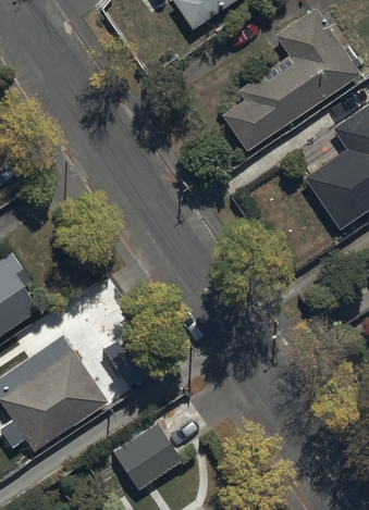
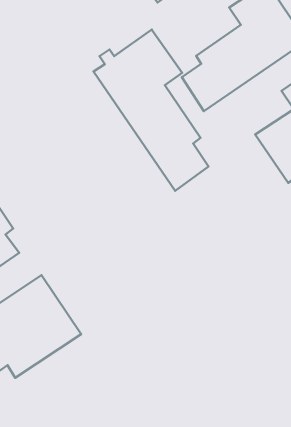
building: none -> [93,29,209,191]
building: [111,425,181,492] -> none

